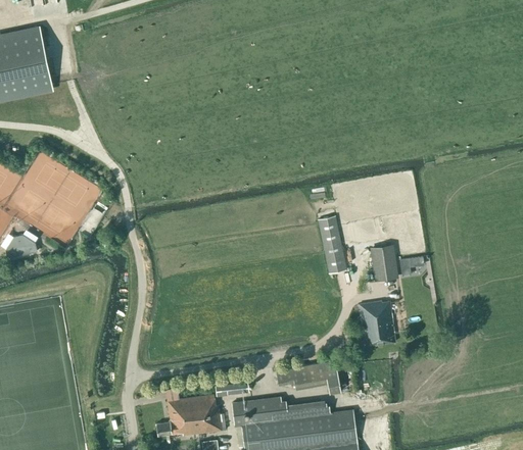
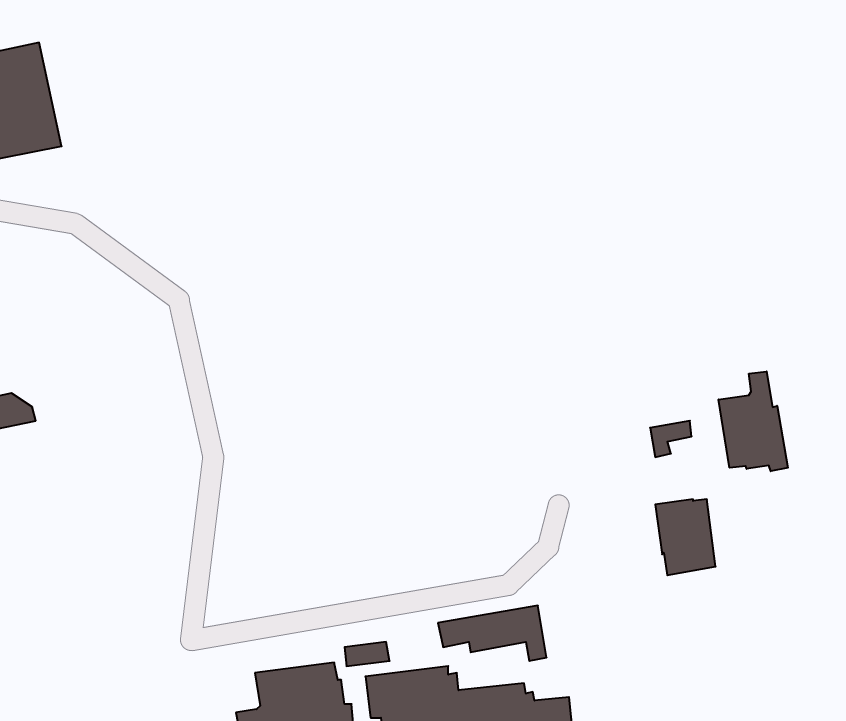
building: [319,216,346,274] -> none
building: none -> [719,371,788,471]
building: [370,245,398,282] -> none
building: [360,302,395,347] -> [655,499,716,575]

